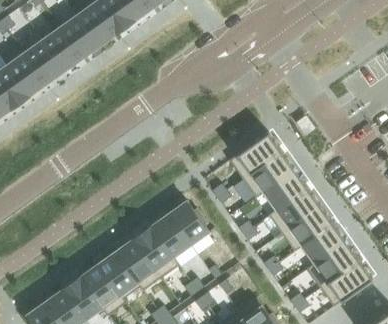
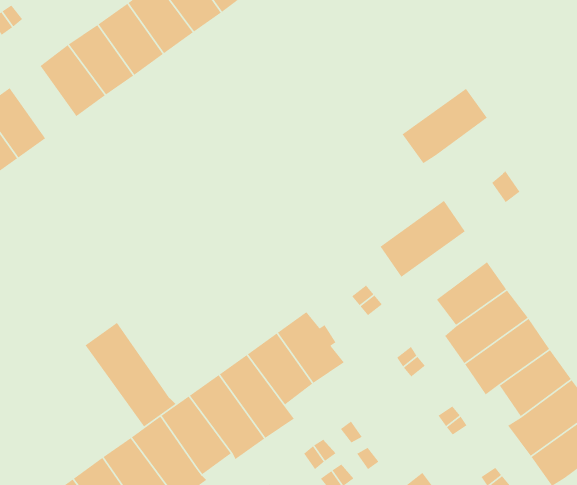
building: [7,53,47,97] -> none
building: [243,153,295,199] -> [401,88,488,164]
building: none -> [85,322,176,427]

